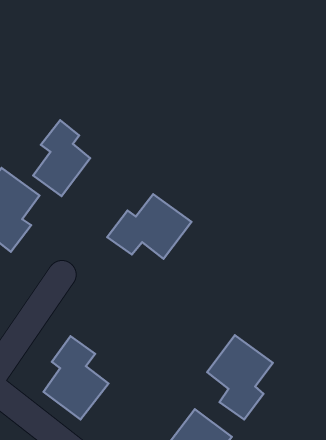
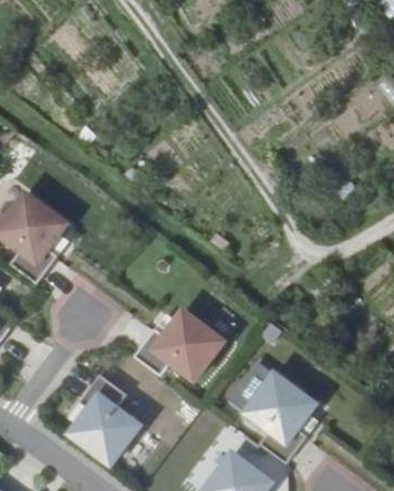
building: [33,120,90,196] -> none
building: [107,194,191,259] -> [133,310,224,379]

